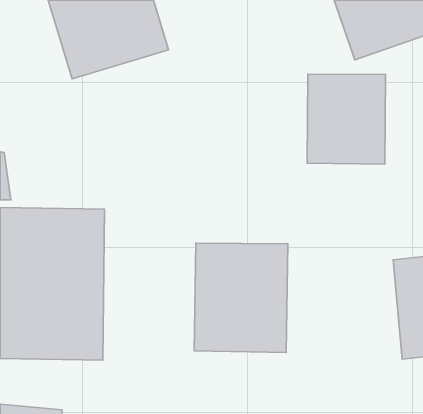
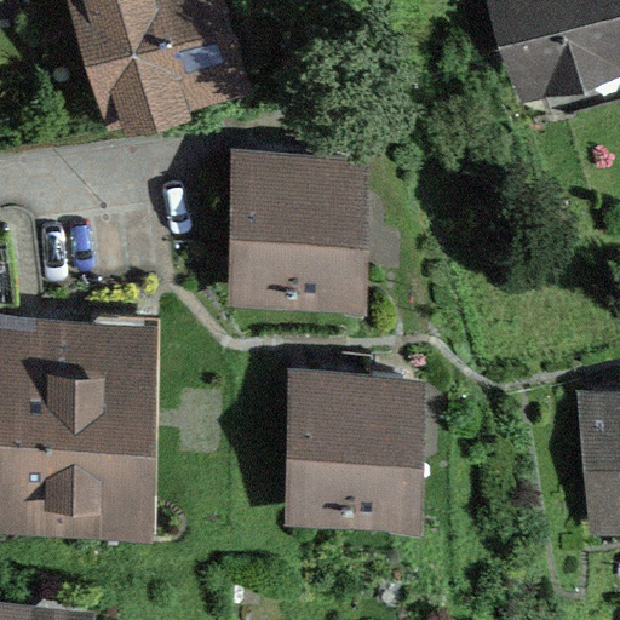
building: [307,74,385,164] -> none
building: none -> [226,151,364,310]

